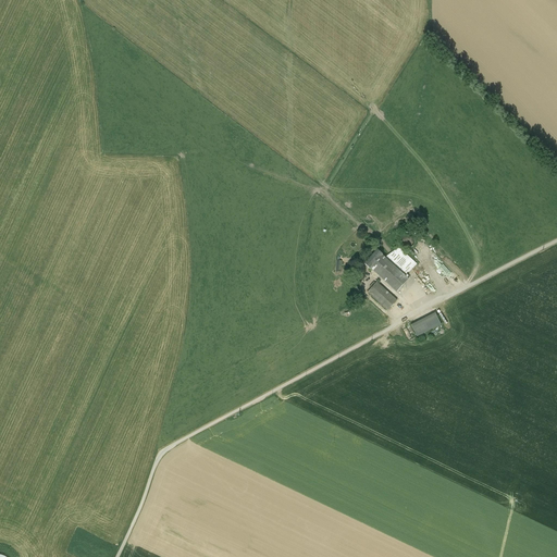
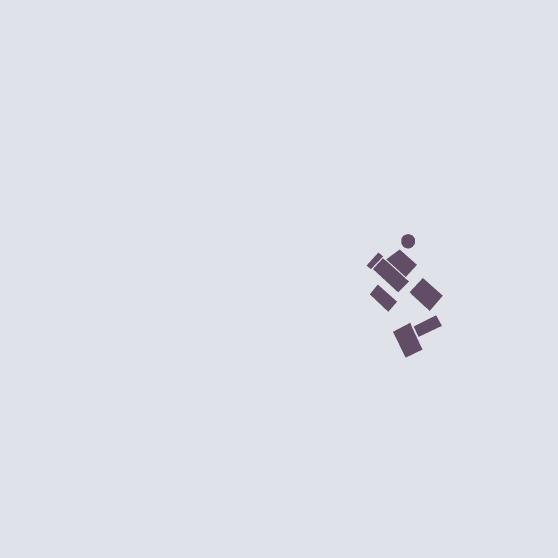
building: none -> [409,277,444,313]
building: none -> [392,322,424,359]

